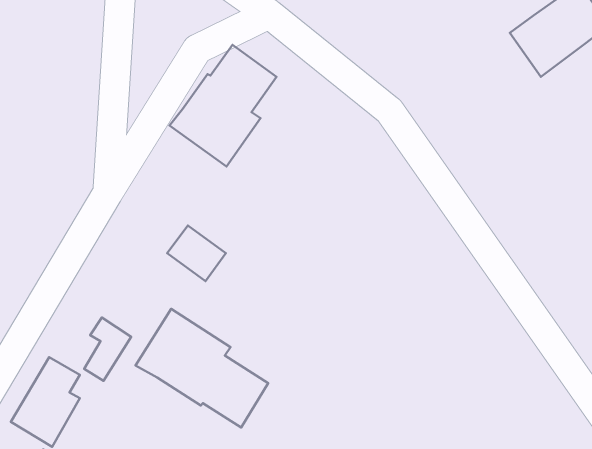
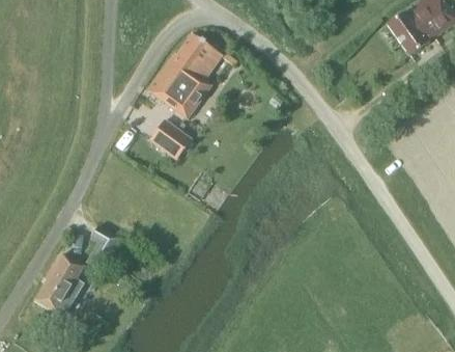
building: [167,225,226,281] -> [149,119,191,159]
building: [136,309,268,427] -> none

